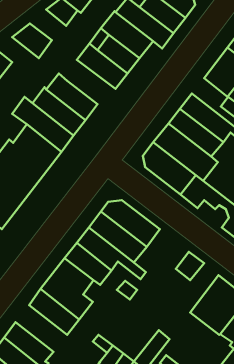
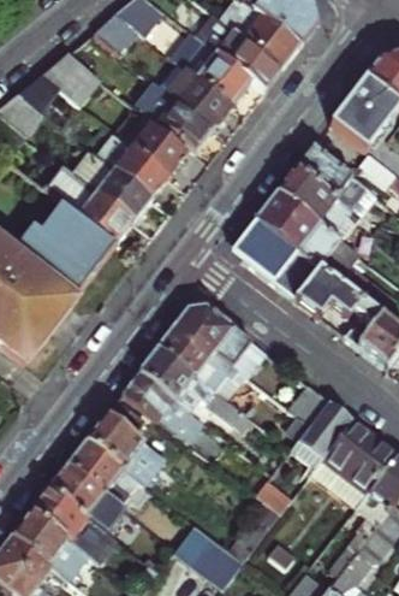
building: none -> [127,107,189,161]
building: none -> [299,399,353,458]
building: none -> [50,461,127,531]

